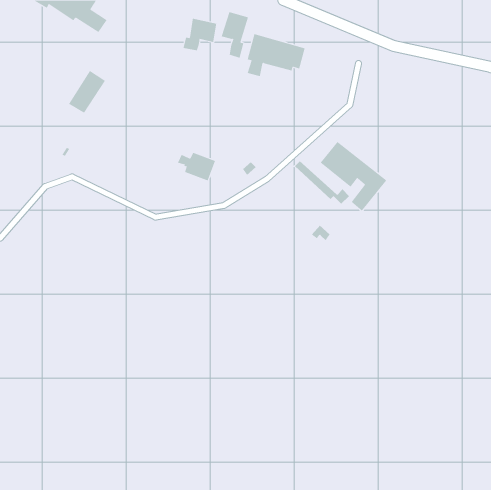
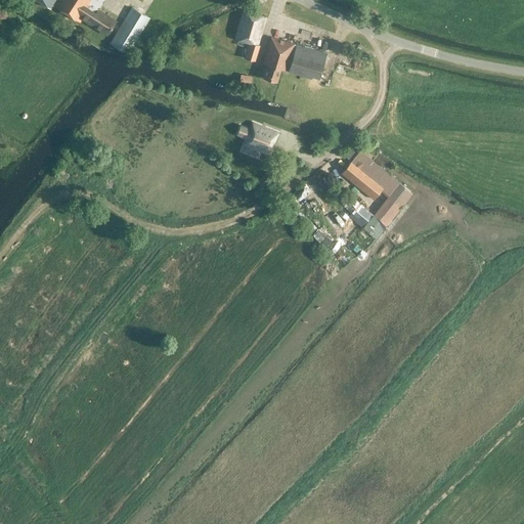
building: [183,18,217,51] -> none
building: [68,70,106,114] -> [108,9,148,55]
building: [177,152,216,181] -> [236,124,277,155]

